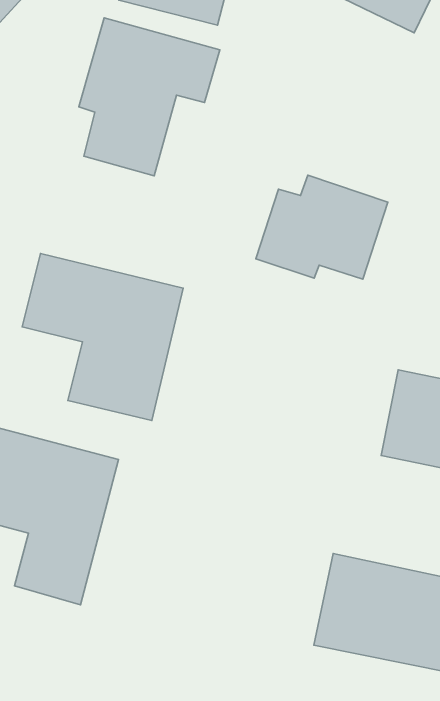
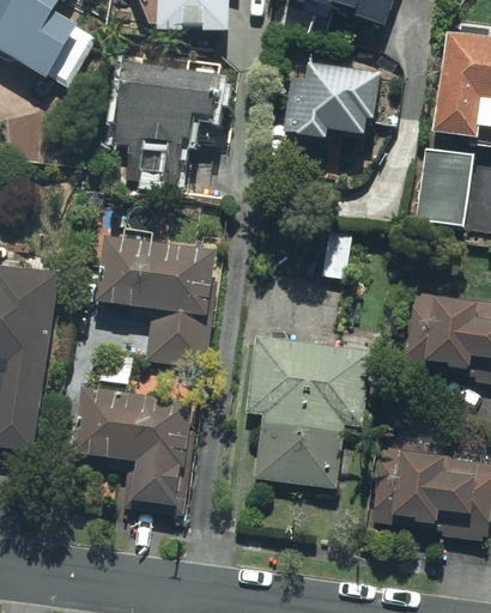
building: [256,175,388,279] -> [286,50,383,131]
building: none -> [241,330,365,488]

